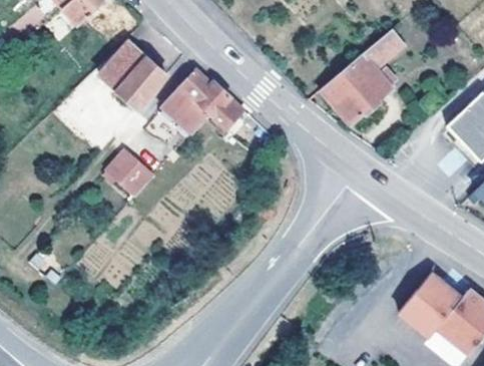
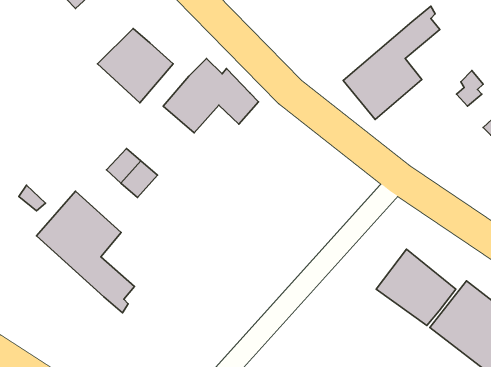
building: none -> [36,191,135,313]
building: none -> [376,249,456,326]

